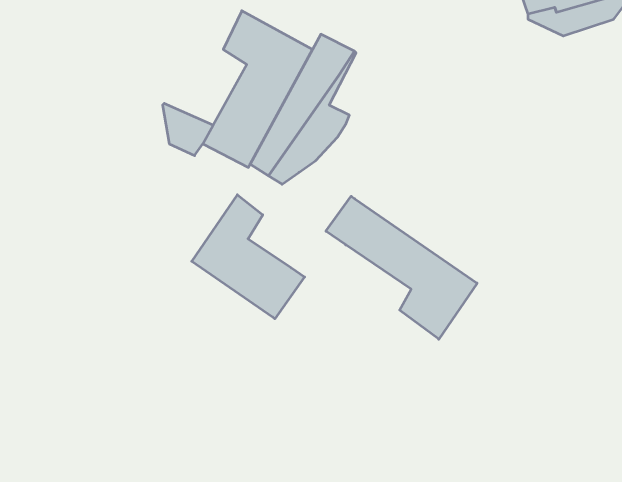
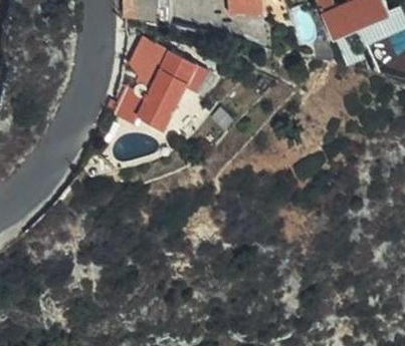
building: [192,195,305,319] -> none
building: [326,196,477,339] -> none

